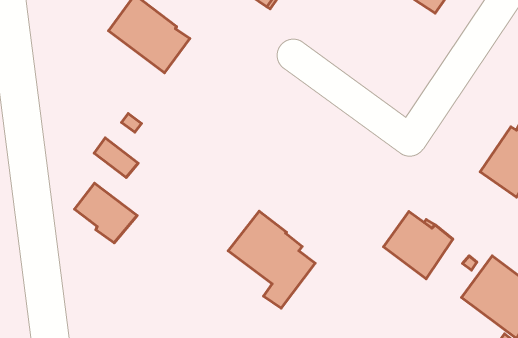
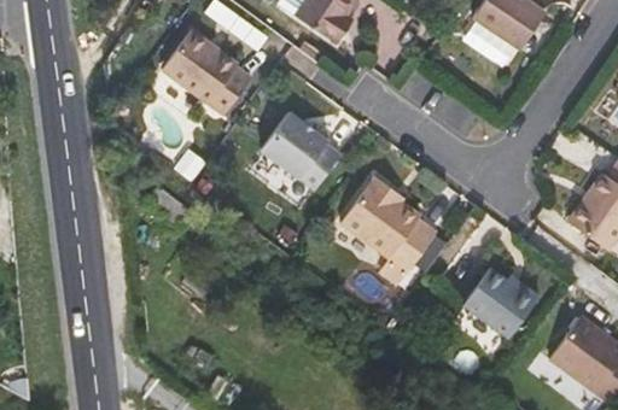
building: none -> [261,112,339,189]
building: [75,183,137,243] -> none
building: [228,211,315,308] -> [339,178,435,285]

